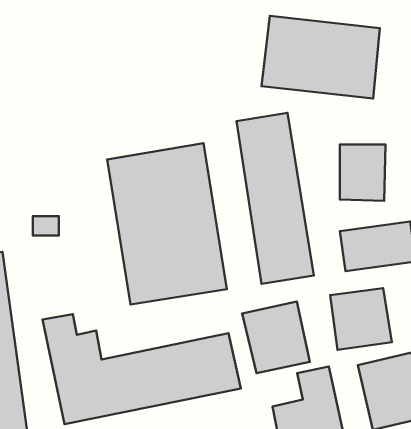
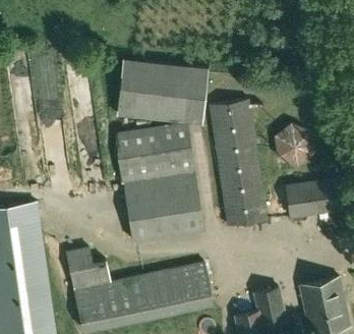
building: [262,16,380,98] -> [118,60,205,121]
building: [330,288,392,350] -> none
building: [242,302,310,373] -> none

